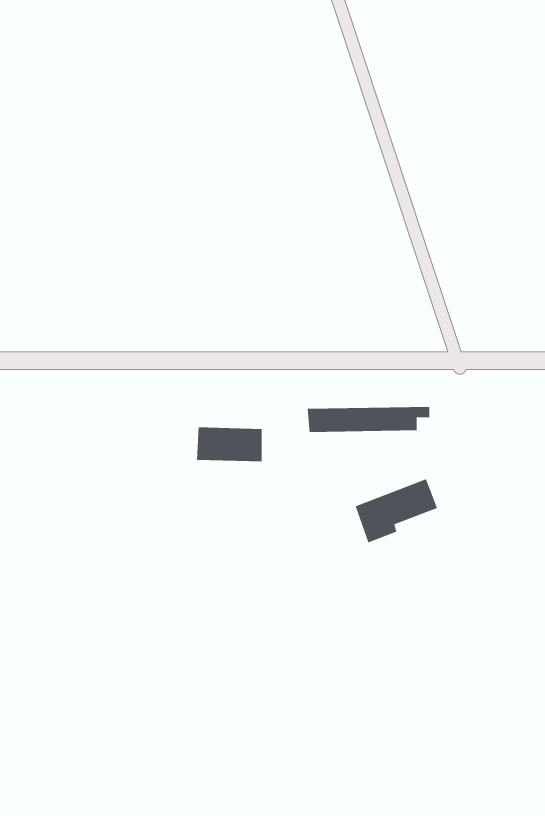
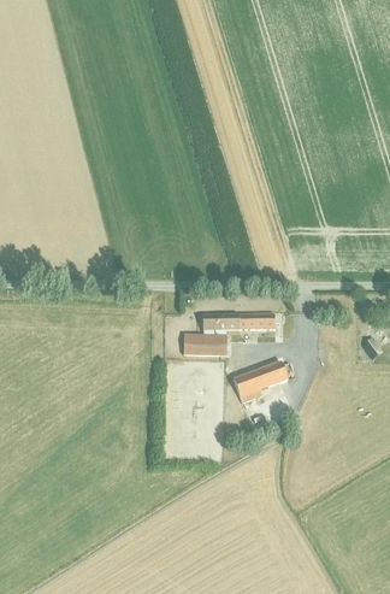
building: [196,427,262,462] -> [183,334,226,357]

